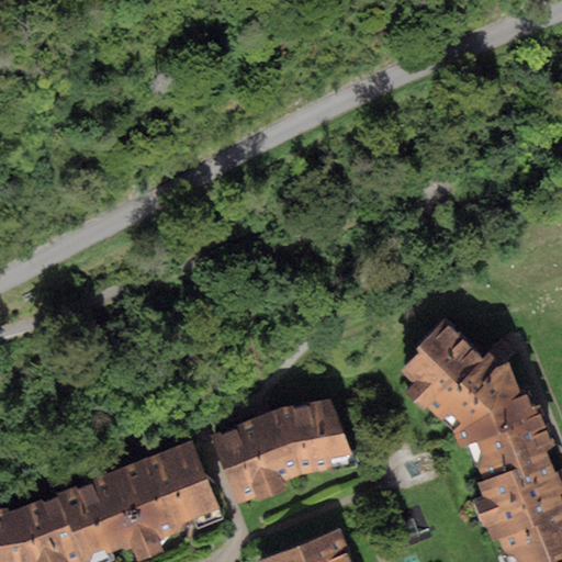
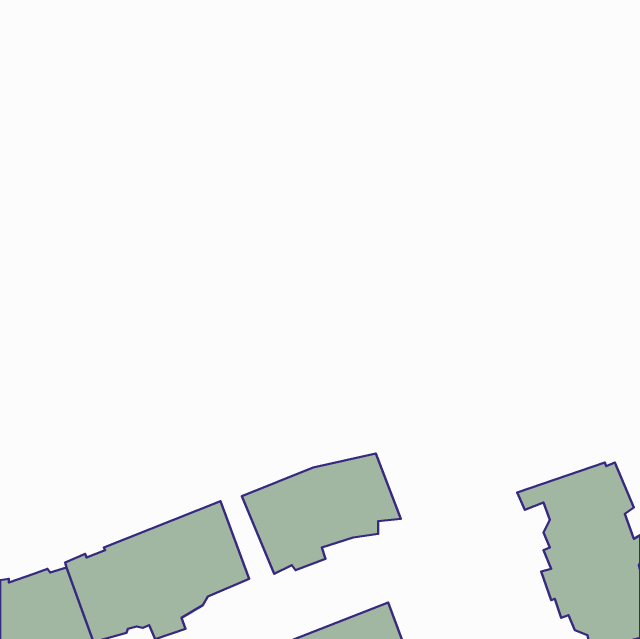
building: [400,318,530,432] -> none

